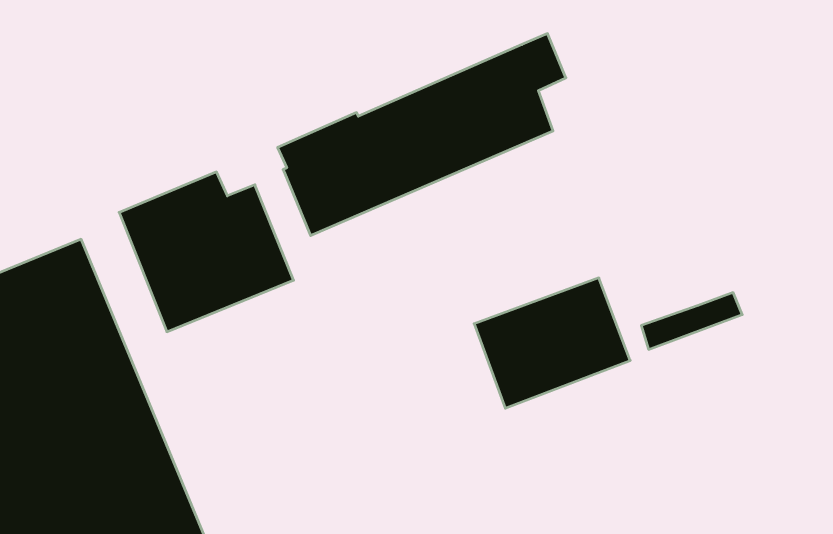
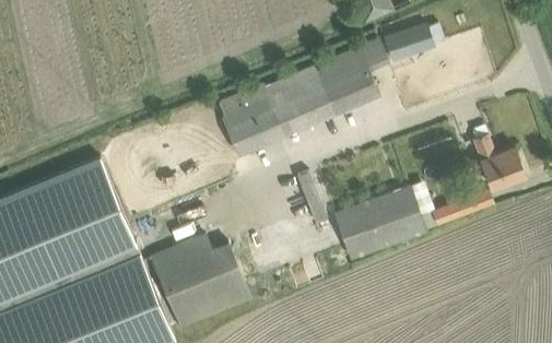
building: none -> [383,23,434,63]
building: [119,172,294,332] -> [148,234,251,329]
building: none -> [466,135,525,190]

